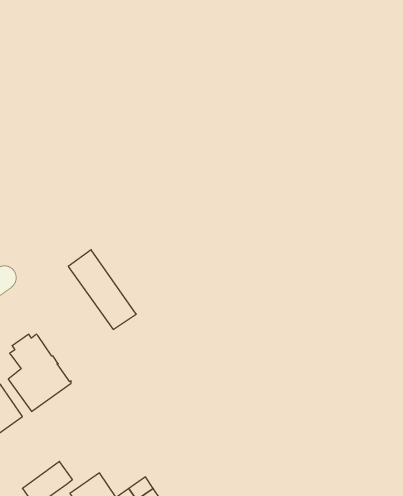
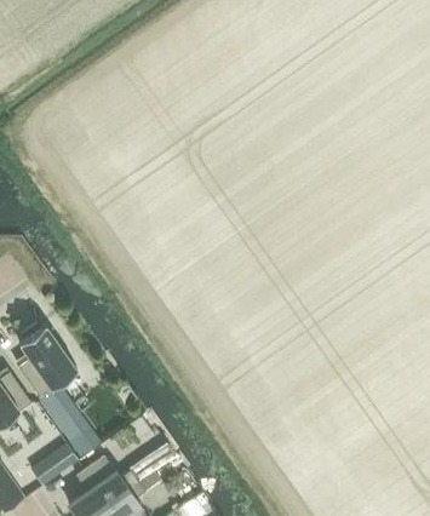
building: [68,250,136,329] -> [38,384,102,459]

